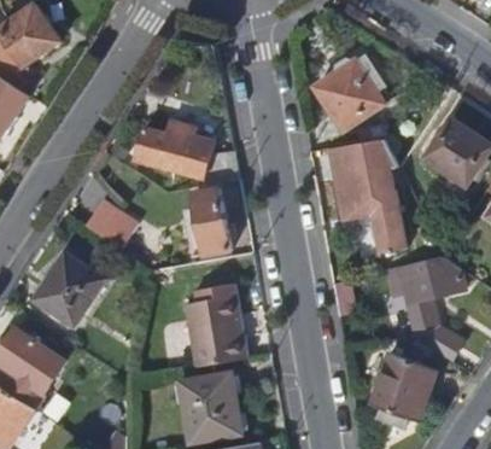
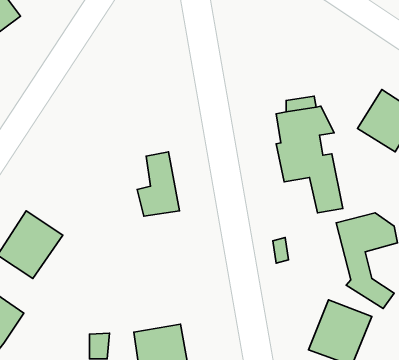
building: [315,57,385,129] -> none
building: [131,129,238,188] -> none
building: [84,200,136,247] -> none
building: [186,286,247,368] -> none

